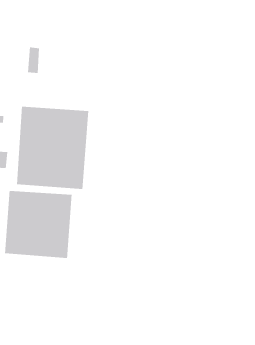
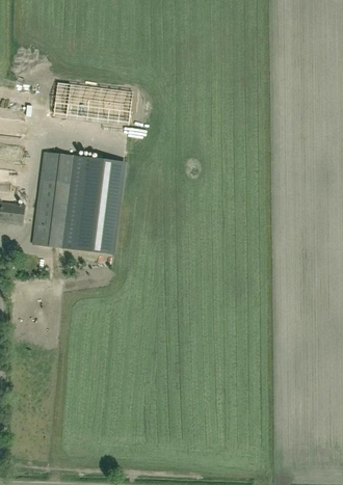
building: [5,190,72,259] -> none

